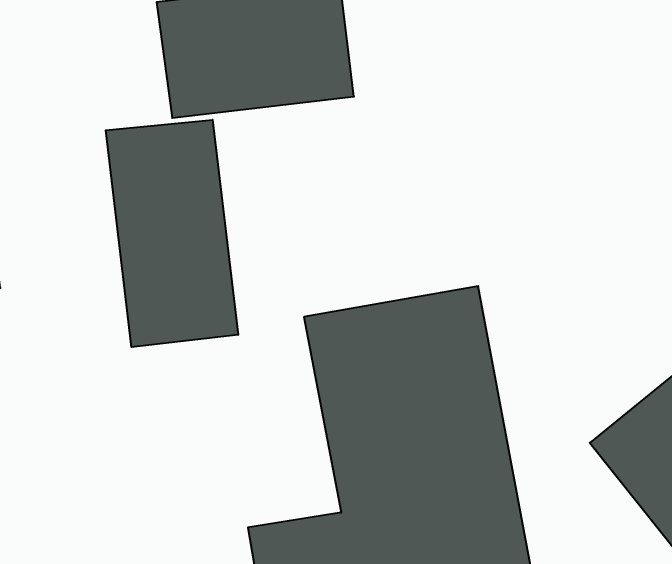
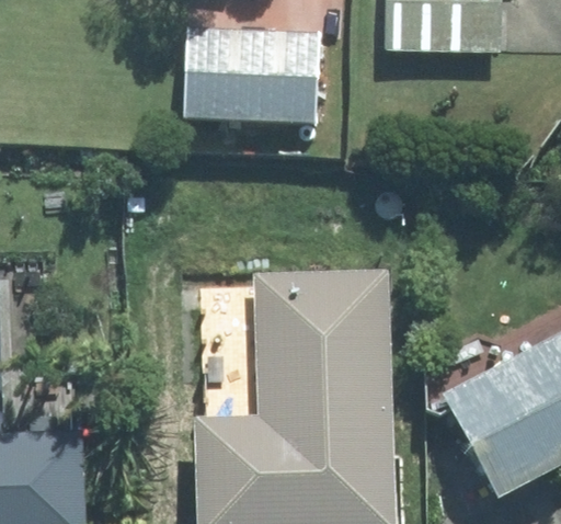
building: [106,120,238,347] -> none

